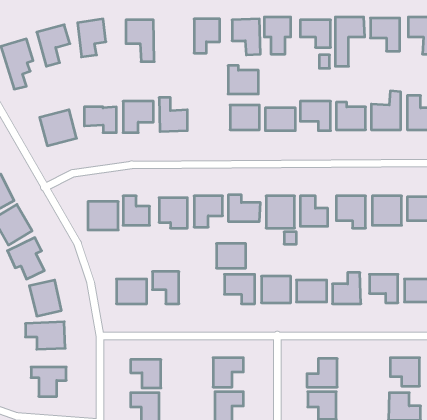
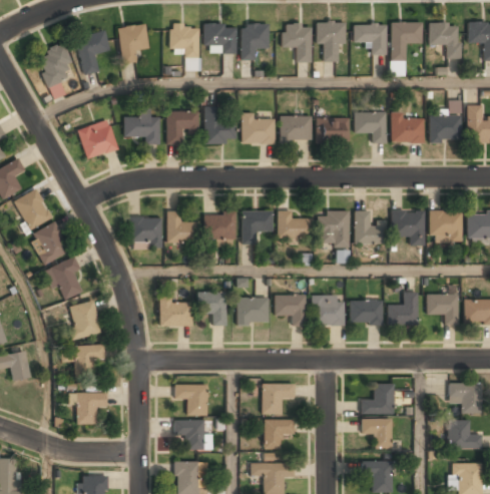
building: none -> [205,25,235,53]
building: [228,66,258,94] -> [241,113,274,143]
building: [216,244,246,268] -> [236,298,268,324]

